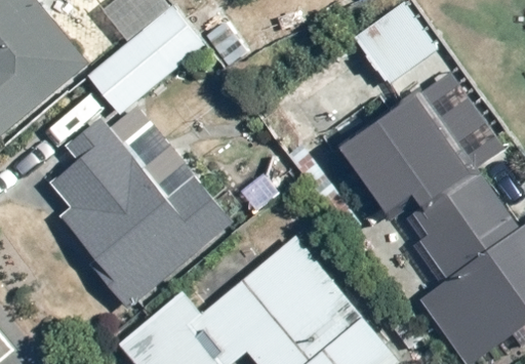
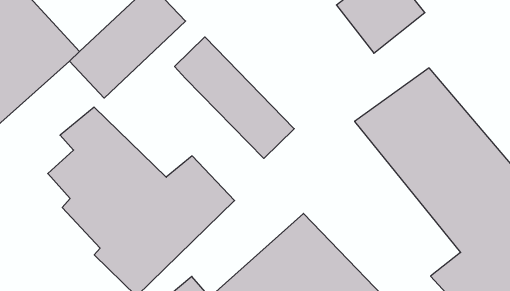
building: none -> [175,37,294,158]

